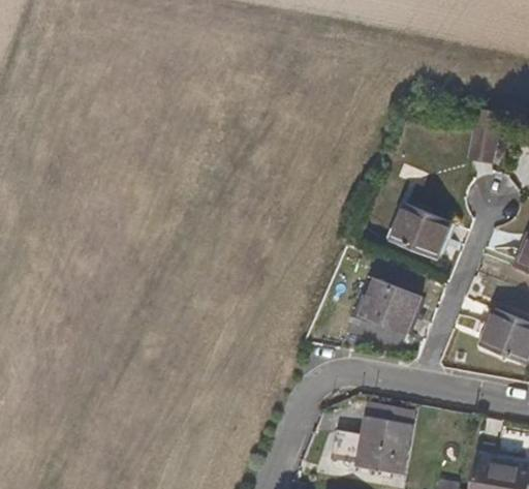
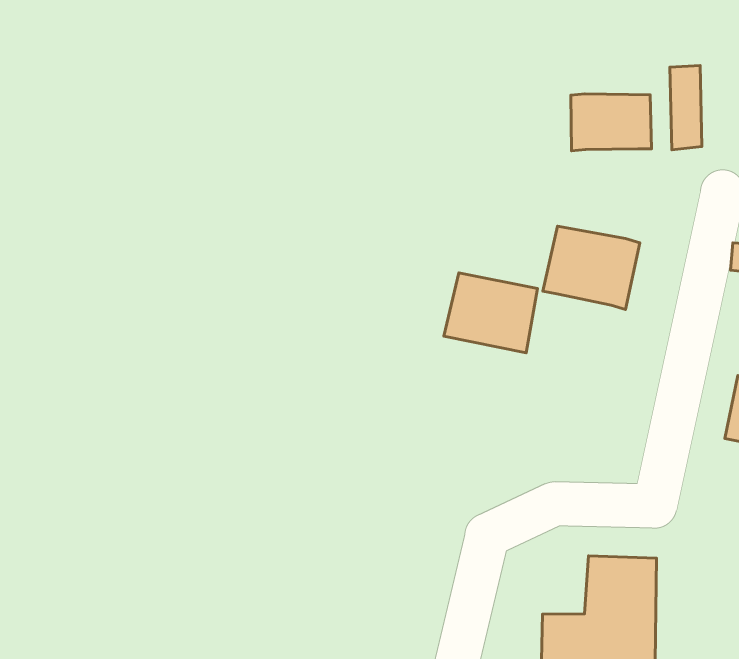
building: none -> [571,94,652,151]
building: [357,281,419,337] -> [444,273,538,353]

